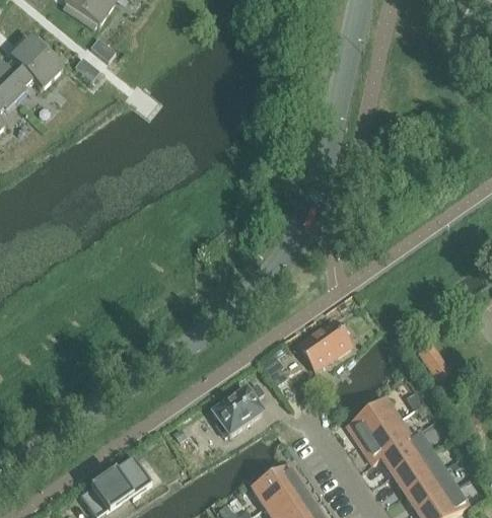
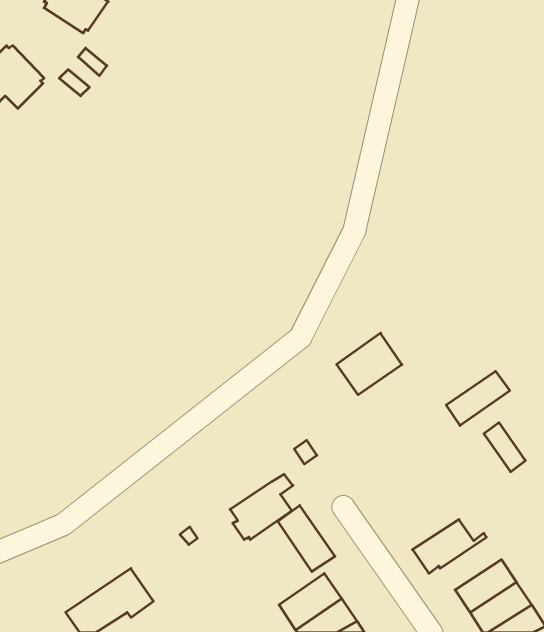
building: none -> [446,371,510,426]
building: [297,319,350,369] -> [337,333,402,395]
building: [348,400,398,444] -> none
building: none -> [278,505,335,572]
building: [382,434,432,476] -> none

